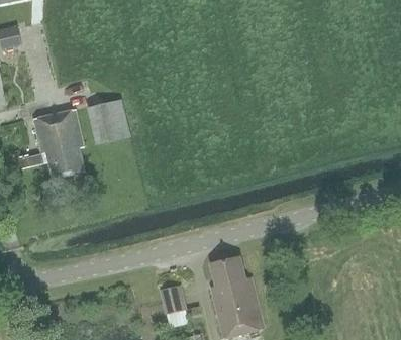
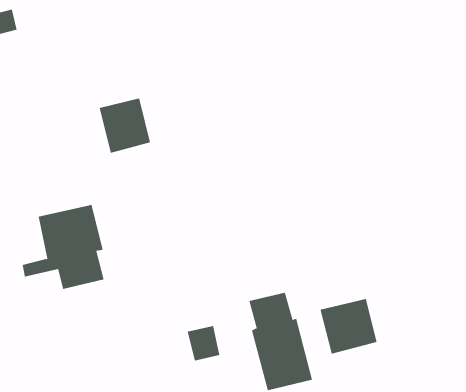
building: [19,108,87,178] -> [22,204,105,289]
building: none -> [320,298,377,354]

